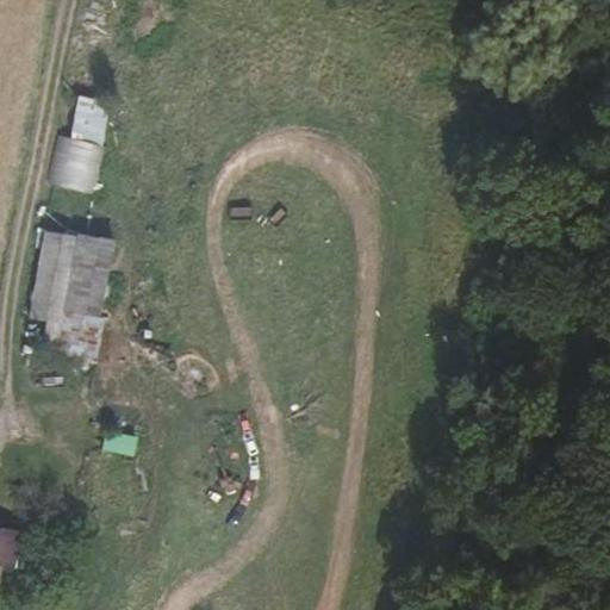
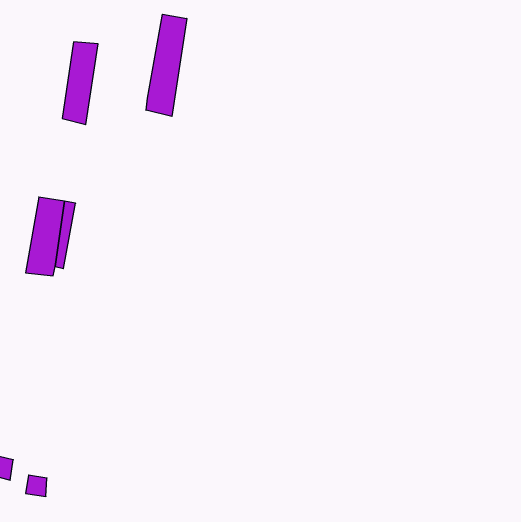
building: none -> [146,14,187,116]
building: [74,237,114,318] -> none

